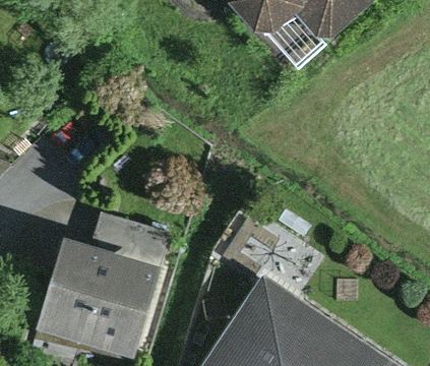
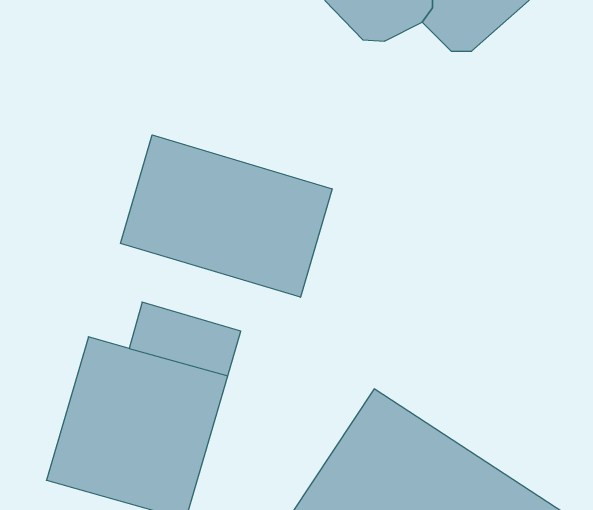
building: none -> [120,135,332,297]

